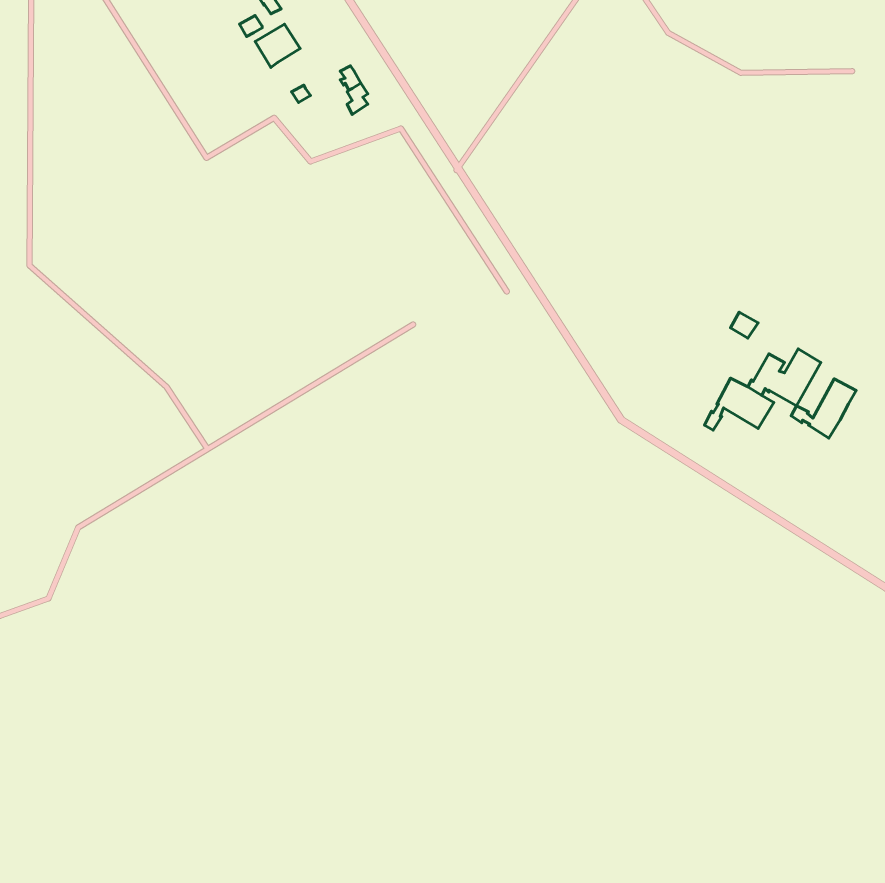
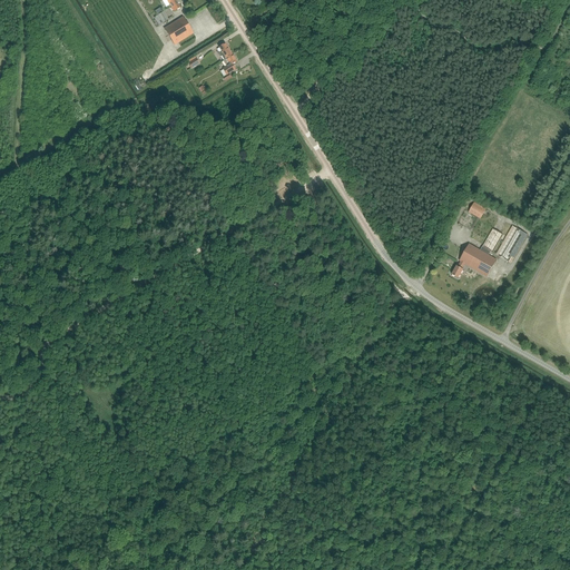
building: [791,379,856,438] -> none

